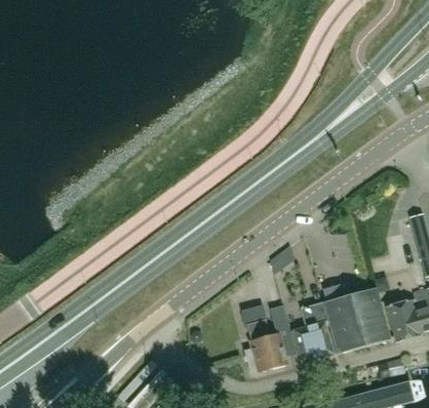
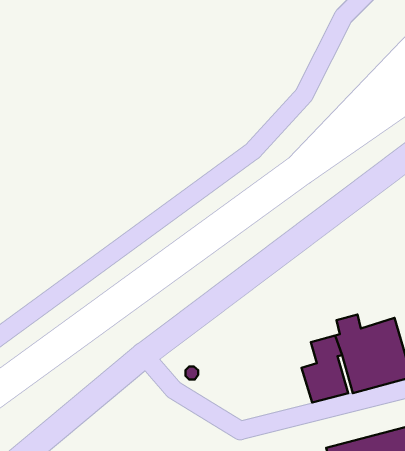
building: [251,302,302,372] -> none

